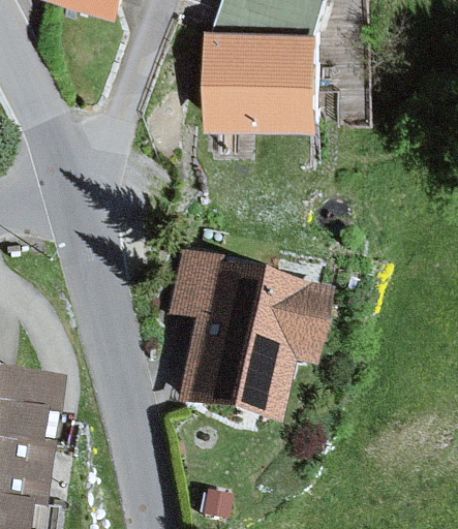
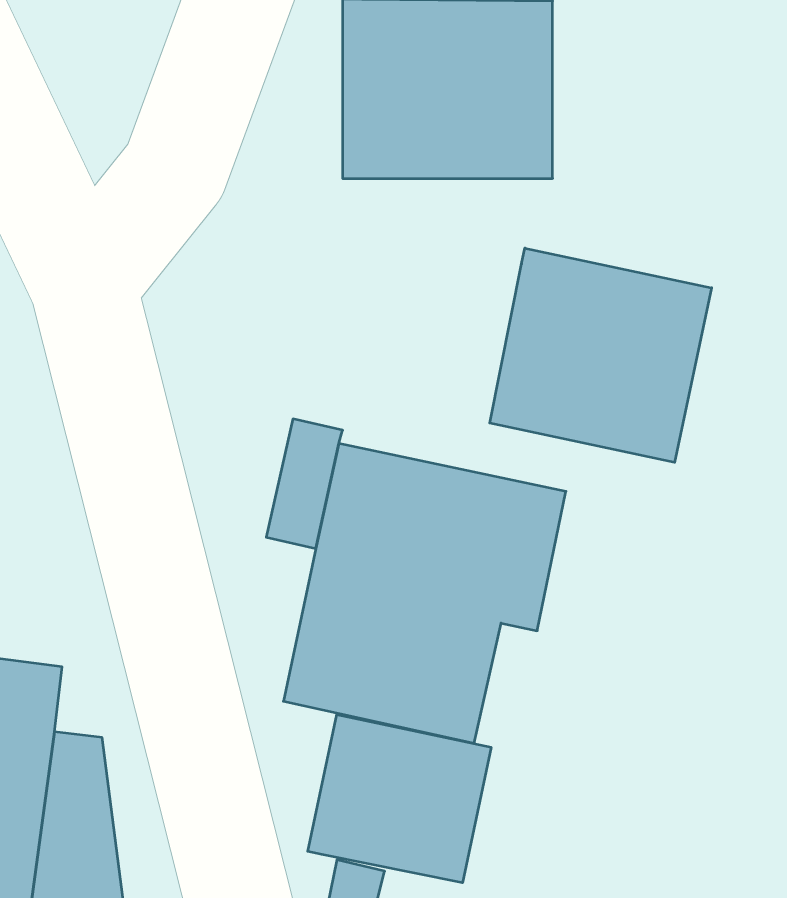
building: none -> [490,248,712,462]
building: none -> [308,714,491,883]

